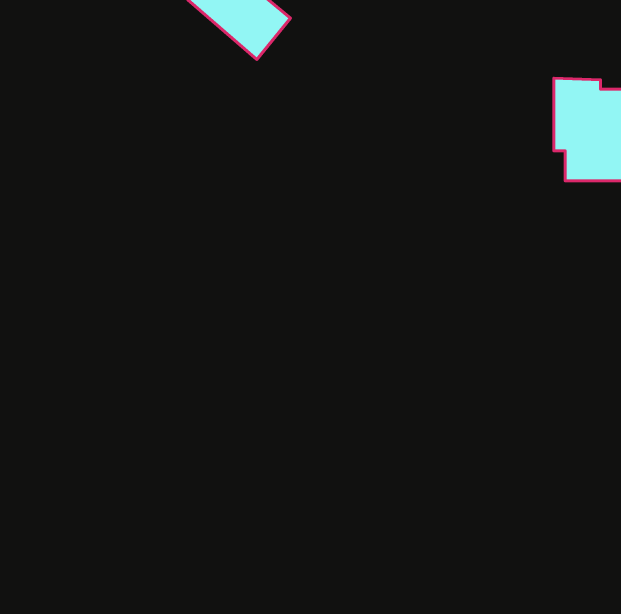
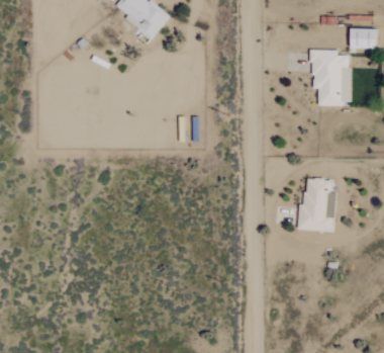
building: none -> [298,179,334,232]

